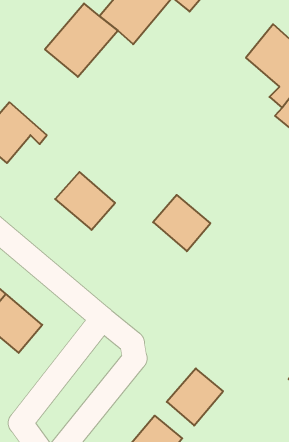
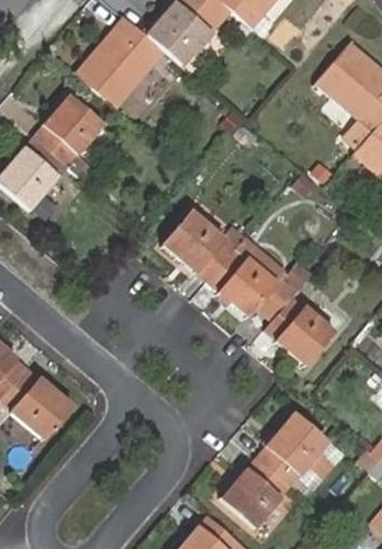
building: none -> [33,97,101,176]
building: [55,172,115,230] -> [162,211,235,281]
building: none -> [263,295,334,363]
building: none -> [258,414,327,485]

